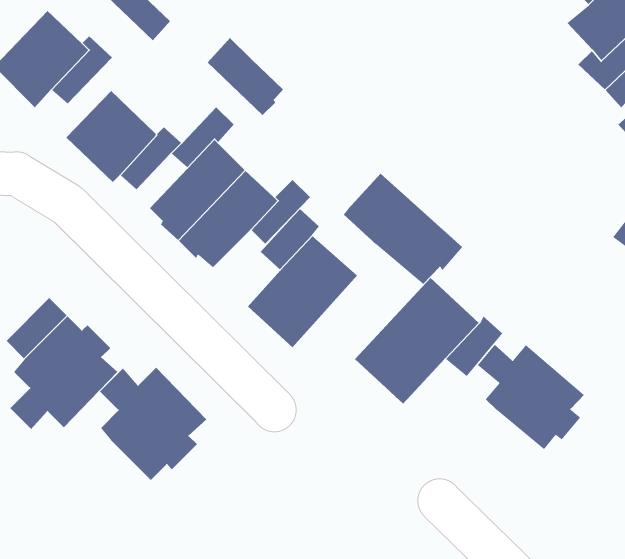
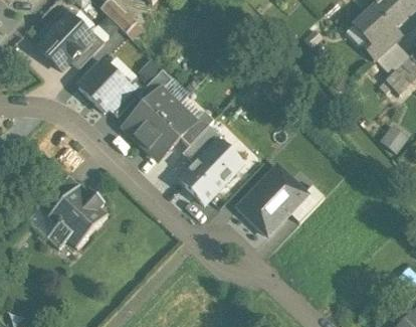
building: [207,37,284,116] -> none
building: [343,173,463,285] -> none
building: [477,344,585,450] -> none
building: [99,367,207,481] -> none

